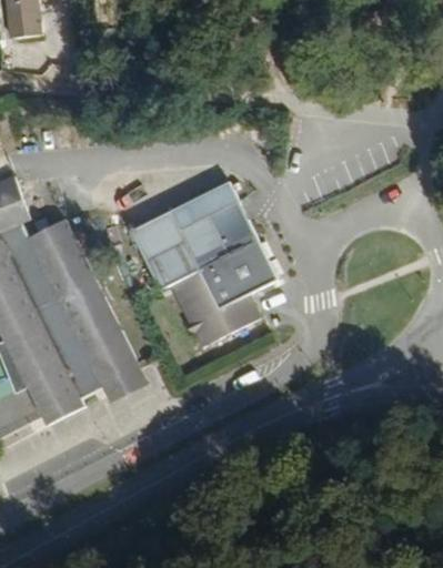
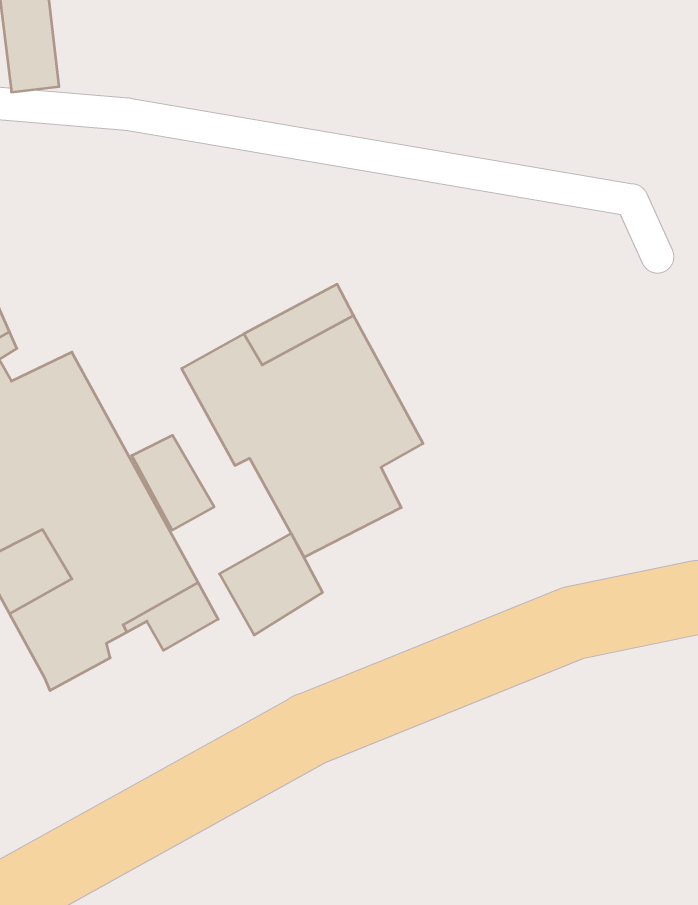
building: none -> [132,435,214,530]
building: none -> [219,534,322,635]

